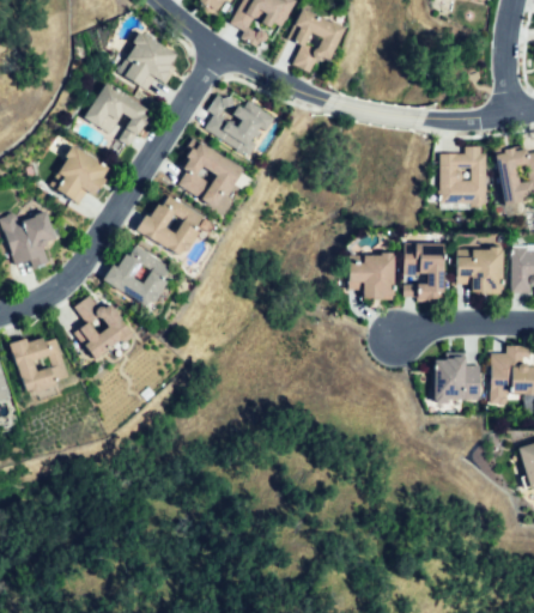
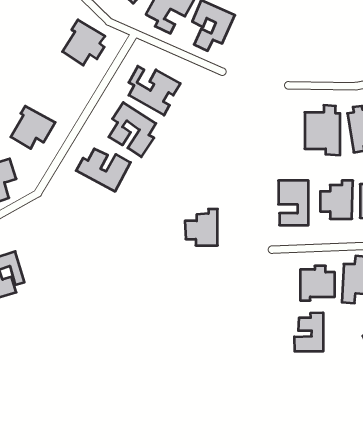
building: [84,83,150,147] -> none
building: [350,250,393,298] -> [185,209,218,245]
building: [102,251,171,311] -> none
building: [75,296,135,360] -> none
building: none -> [294,313,323,351]

